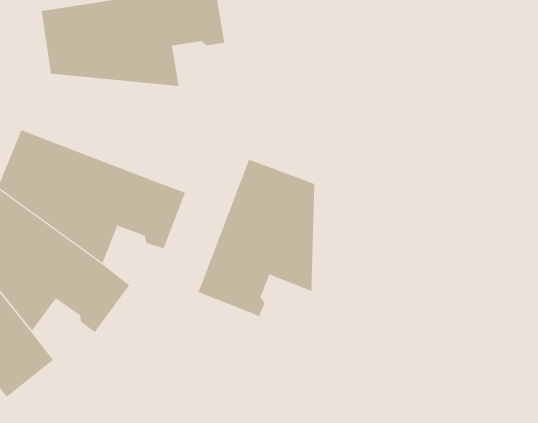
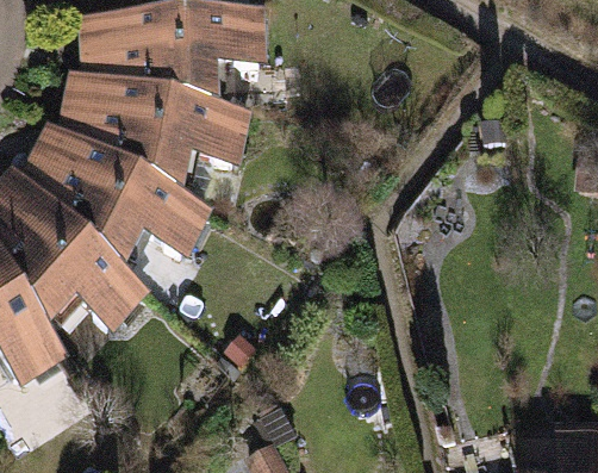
building: none -> [67,73,244,187]
building: [198,159,315,317] -> none

